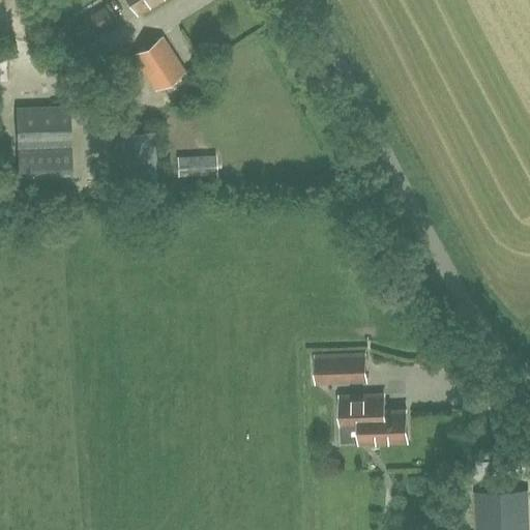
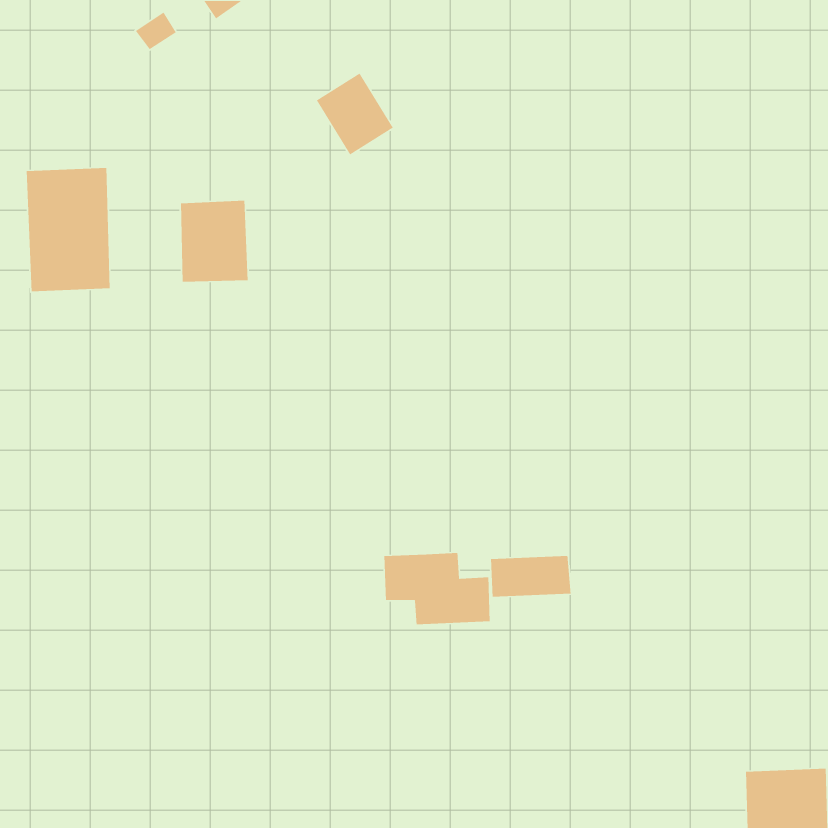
building: [135,37,184,90] -> [316,73,394,155]
building: [177,156,217,177] -> none
building: [338,395,407,442] -> [383,552,491,625]

